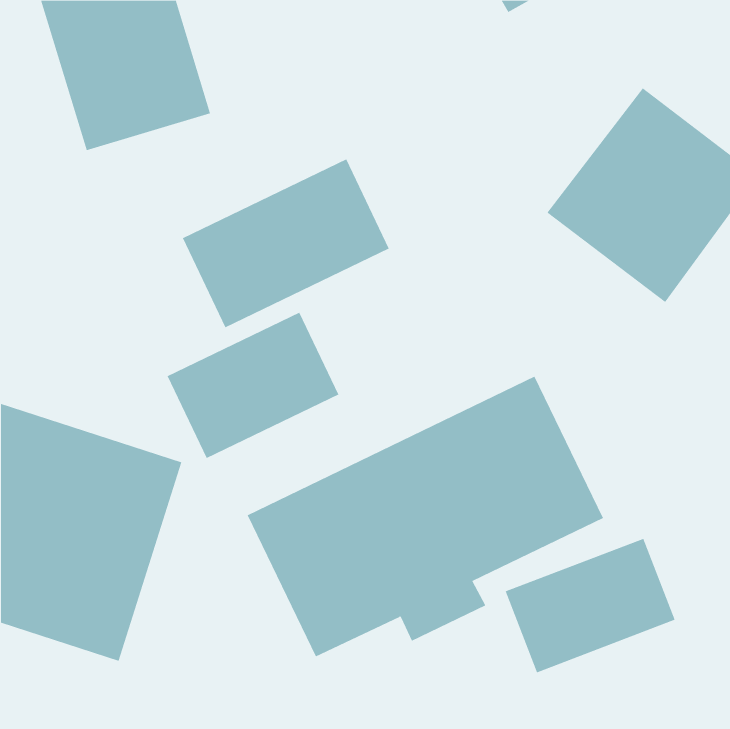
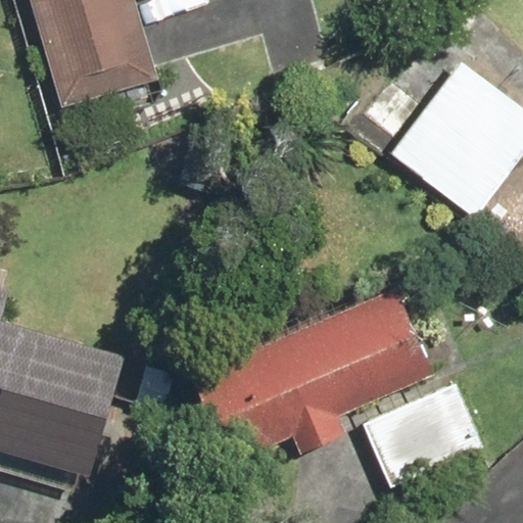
building: [182,158,389,328] -> none
building: [167,312,339,459] -> none

